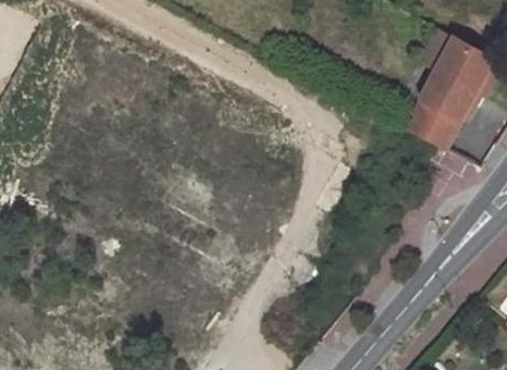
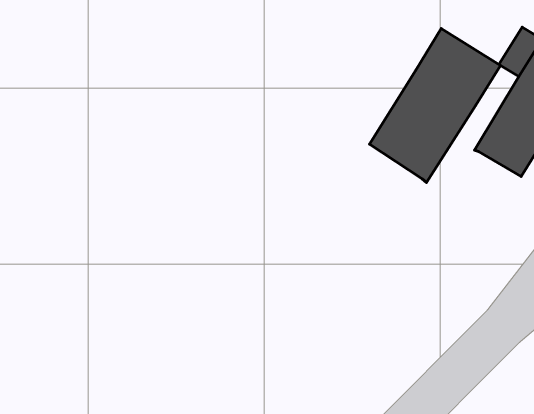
building: none -> [370,29,501,182]

